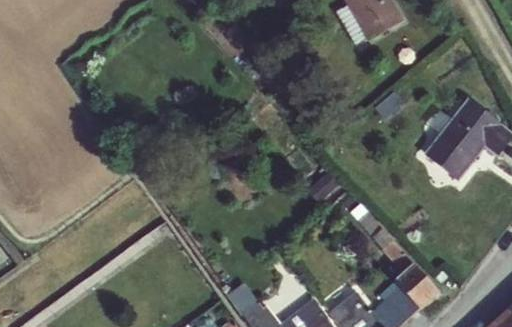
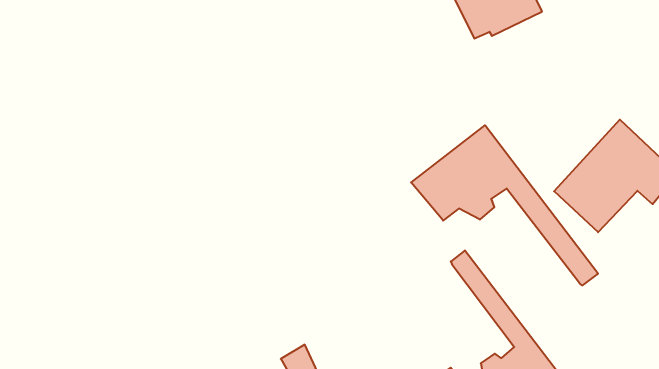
building: none -> [411,125,598,285]

